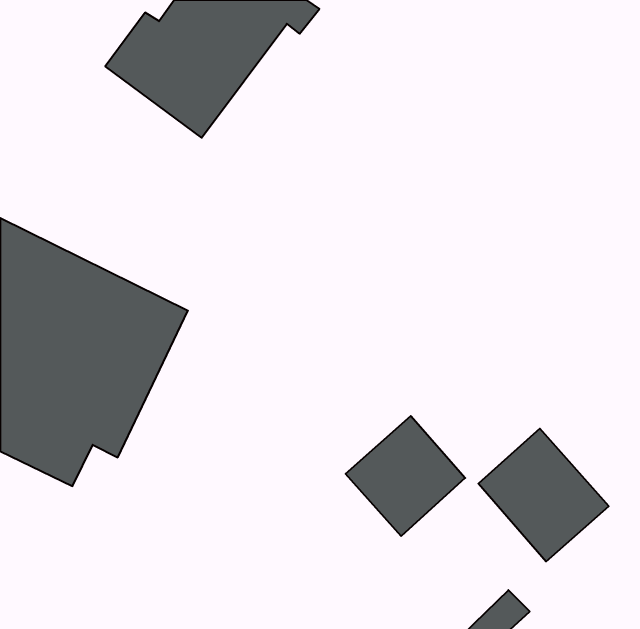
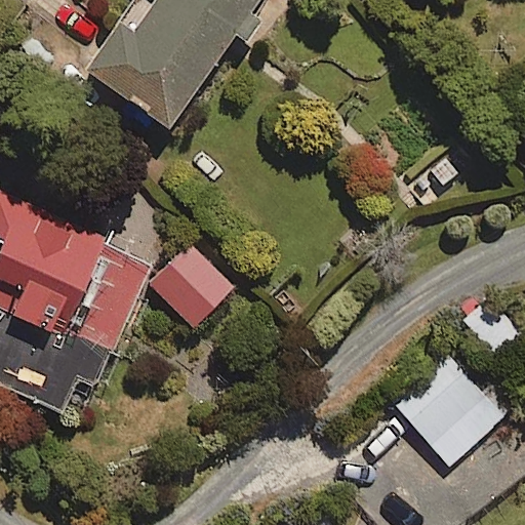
building: none -> [150,243,236,329]
building: [346,416,465,536] -> none

